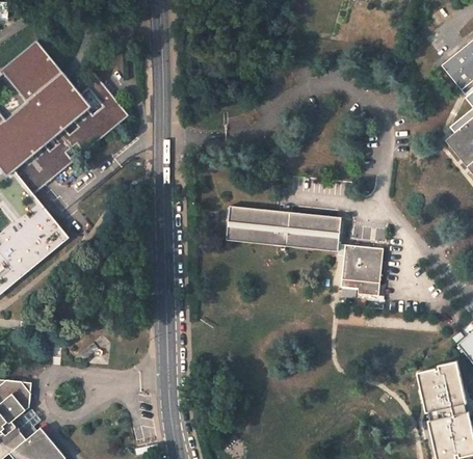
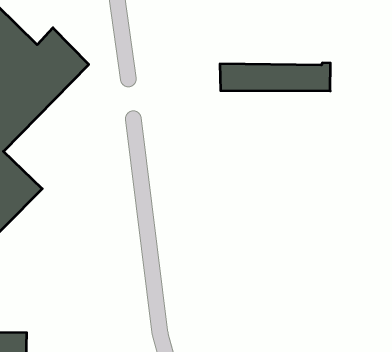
building: [229,210,342,248] -> [220,63,330,91]
building: [342,245,386,302] -> none

